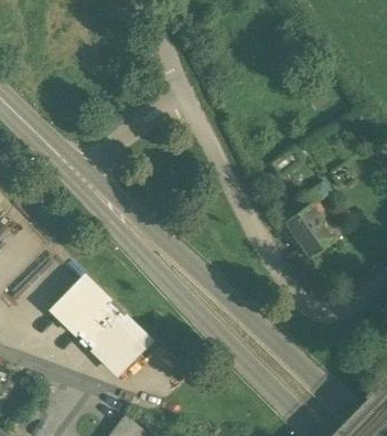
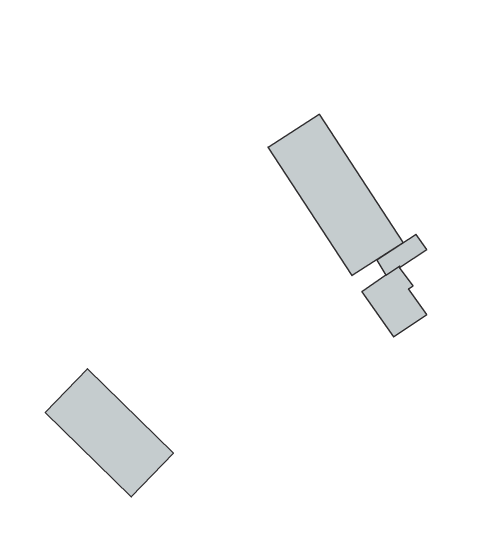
building: none -> [268,114,403,276]

